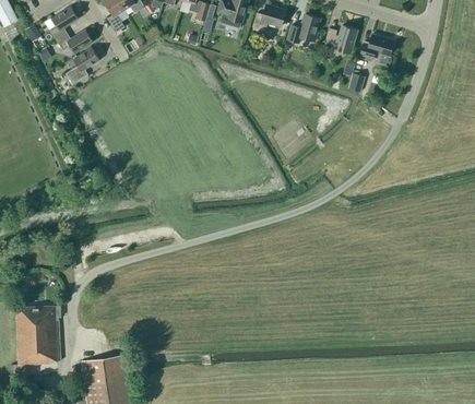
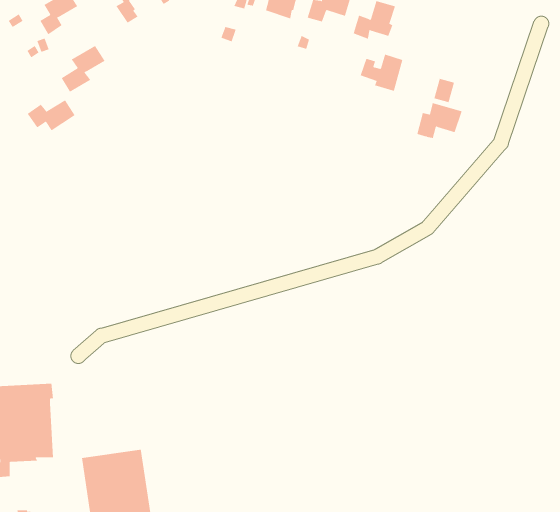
building: [324,25,357,54] -> [360,54,403,91]
building: [56,29,93,54] -> [27,99,76,131]
building: [359,34,394,61] -> [416,103,462,139]

